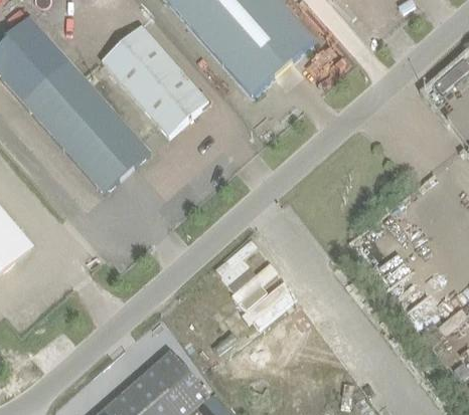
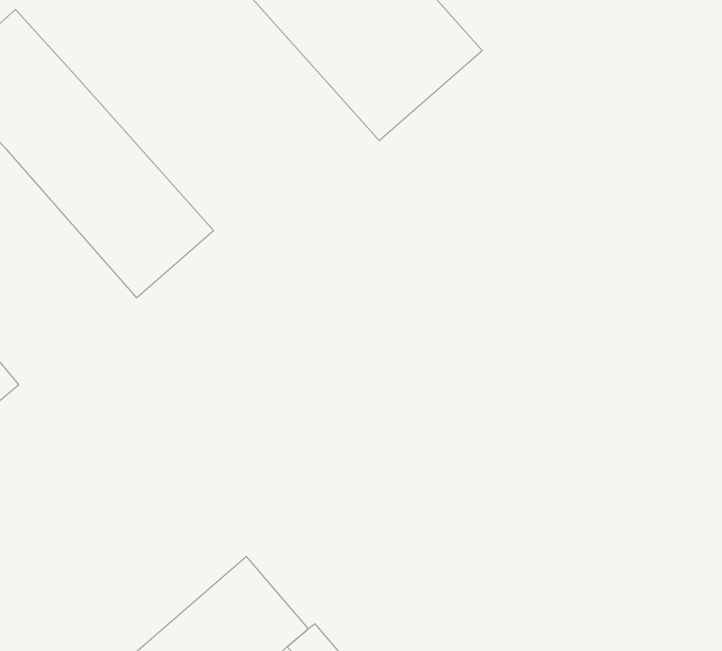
building: [102,25,208,136] -> none

